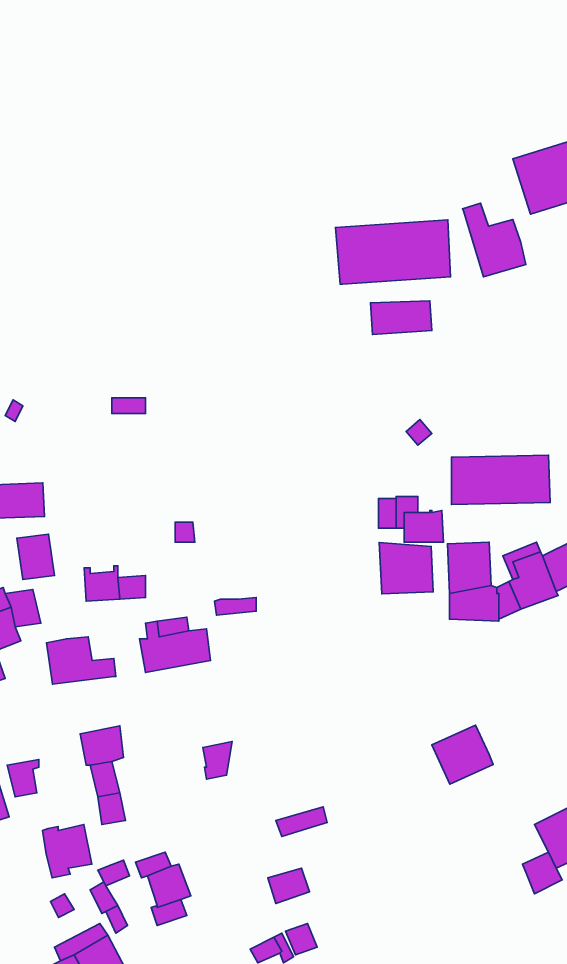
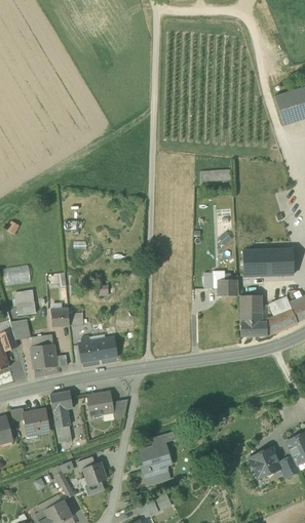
building: [462,203,526,277] -> none
building: [335,220,451,284] -> none
building: [379,542,433,594] -> none
building: [432,725,493,784] -> [249,446,280,477]
building: none -> [86,390,114,415]
building: [42,825,92,878] -> [24,409,49,437]
building: none -> [140,443,171,470]

